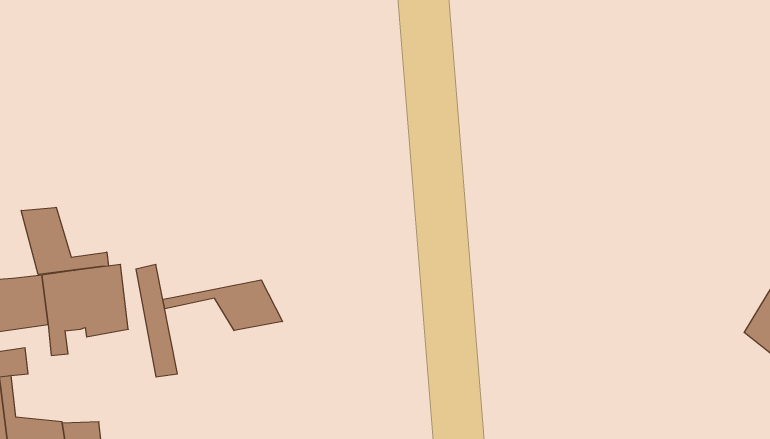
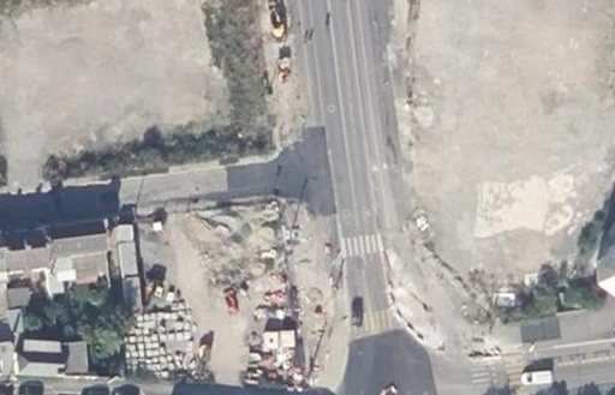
building: [21,207,109,274] -> none
building: [163,280,283,331] -> none

